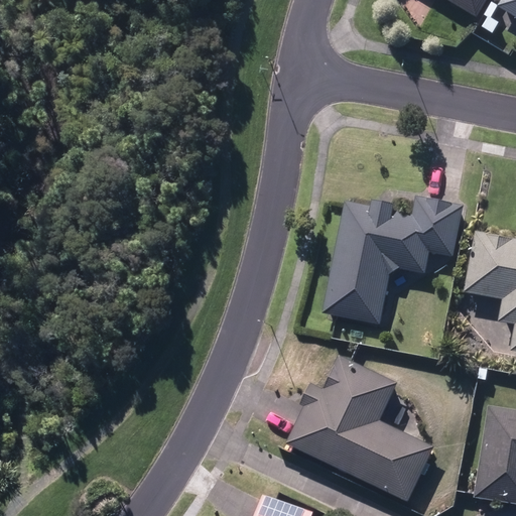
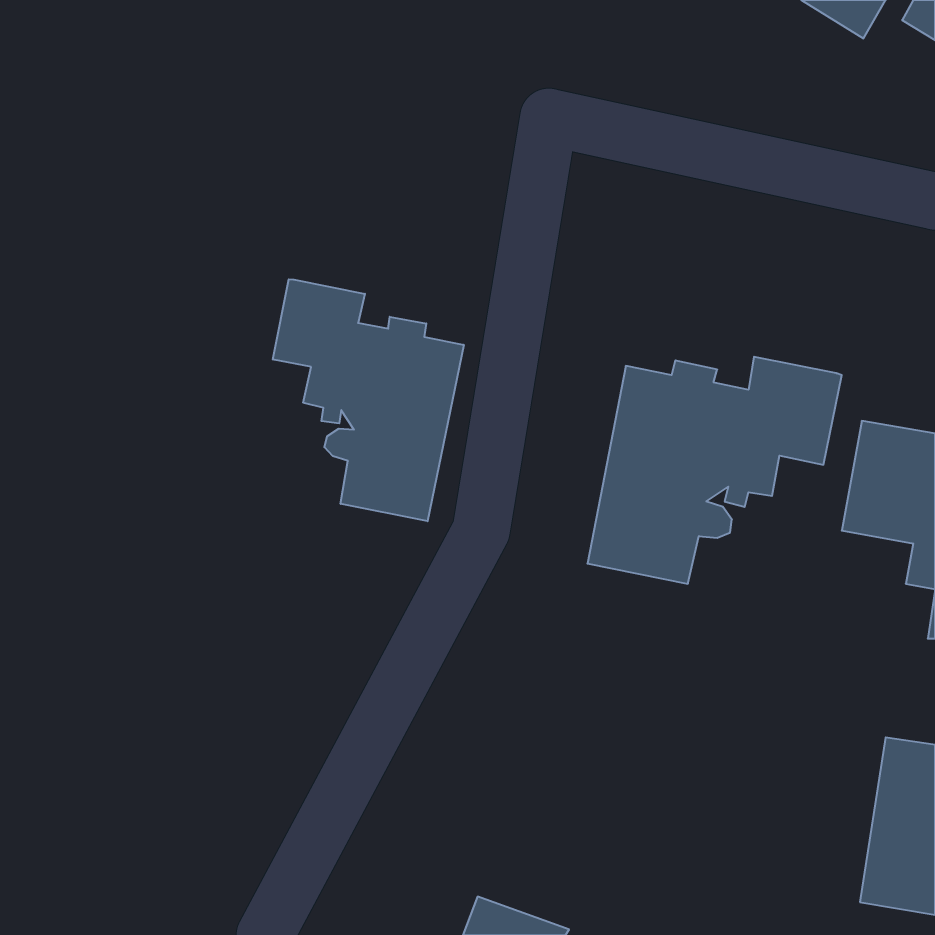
building: none -> [273,279,464,521]
building: [286,356,434,501] -> none

